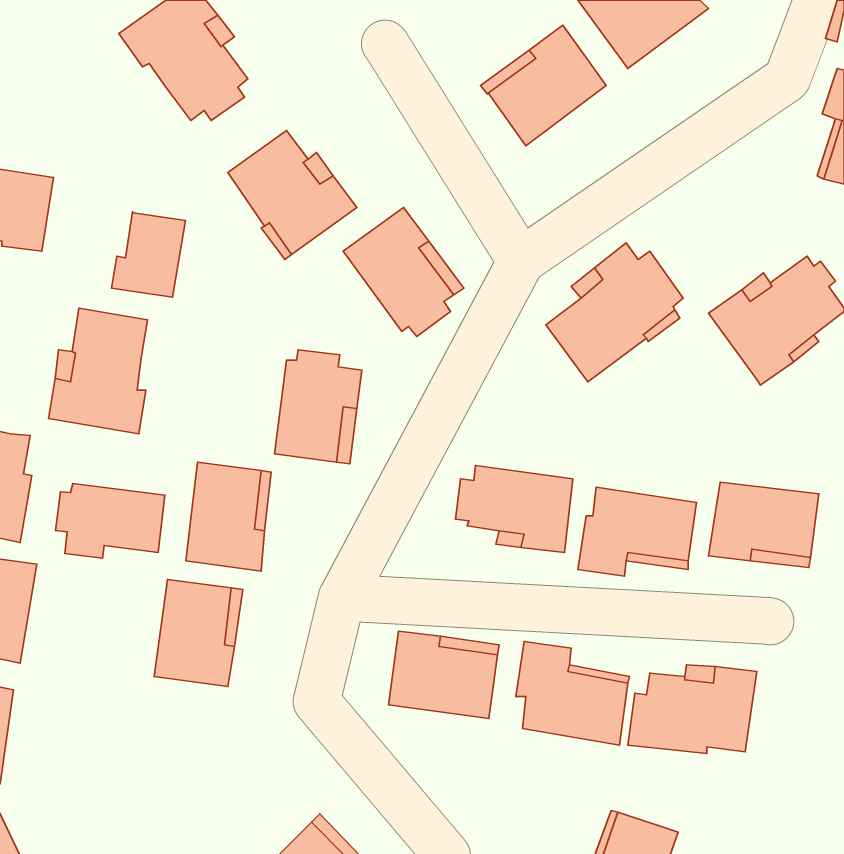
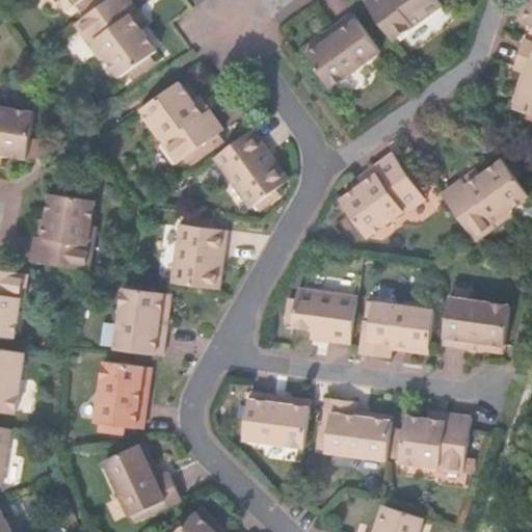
building: [111,212,185,297] -> none
building: [56,484,165,558] -> none
building: none -> [103,444,179,515]

